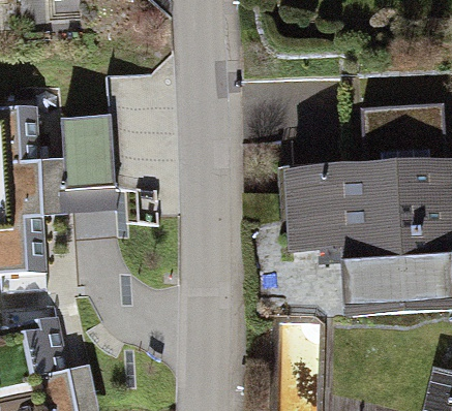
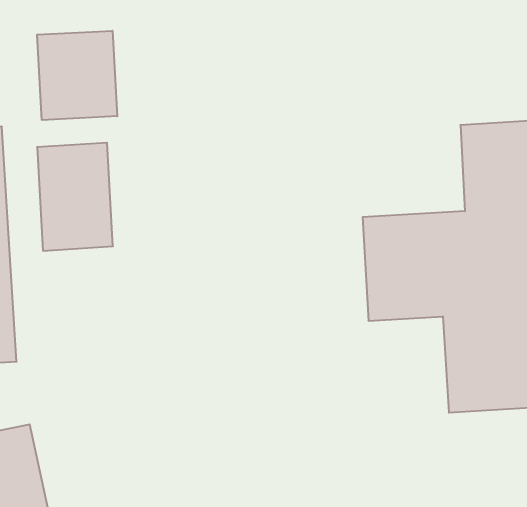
building: none -> [37,31,117,120]

